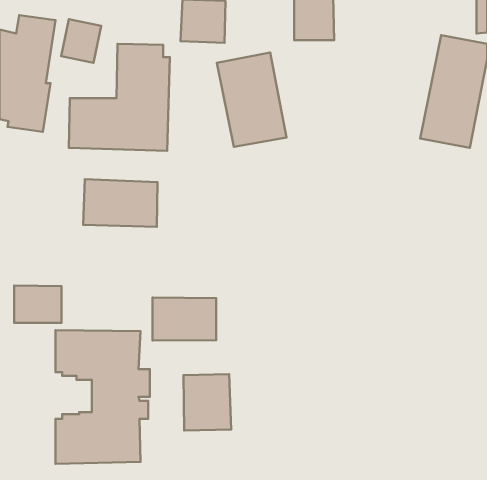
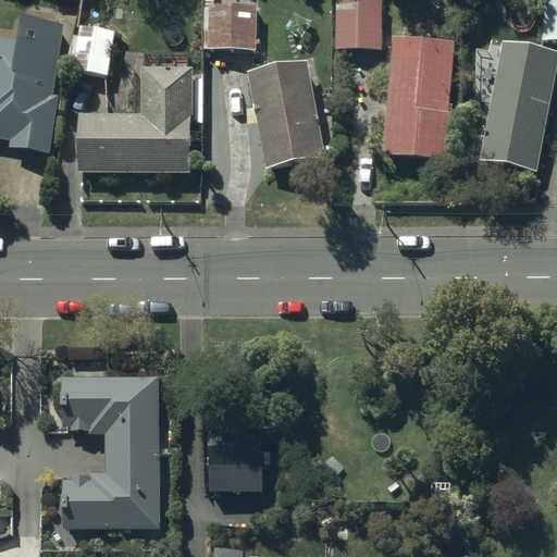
building: none -> [383,36,455,157]
building: [83,179,158,227] -> none
building: [14,286,62,323] -> none
building: [153,297,216,340] -> none

